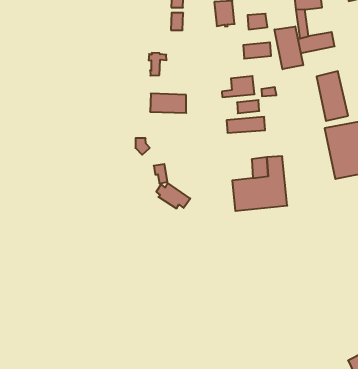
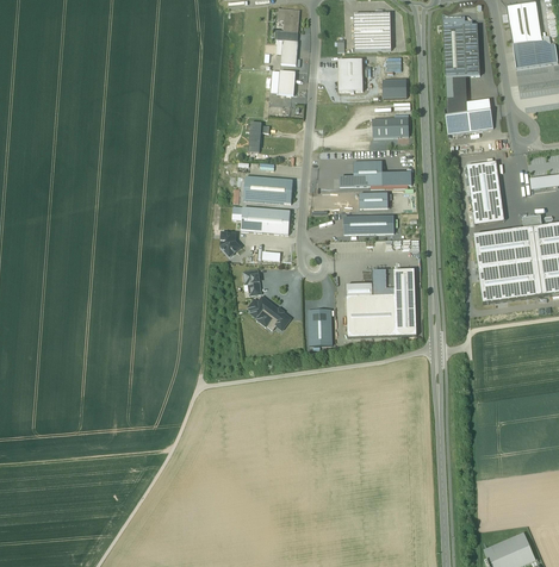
building: [275,26,303,69] -> none
building: none -> [241,205,290,232]
building: none -> [306,307,330,343]

